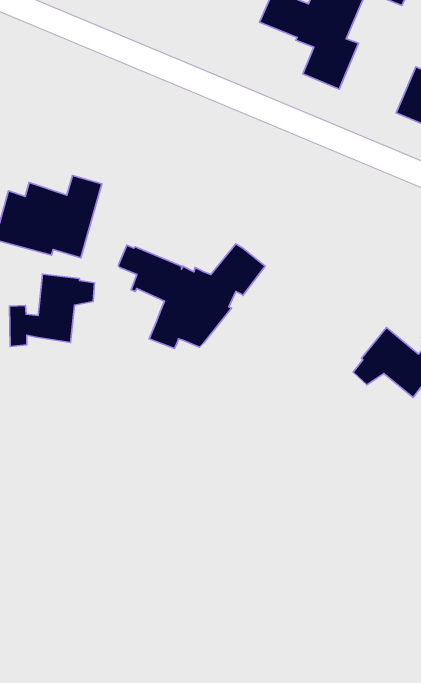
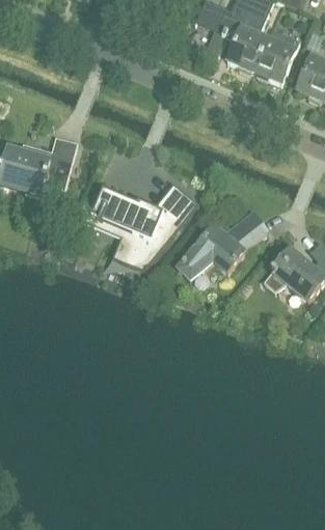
building: none -> [253,27,299,82]
building: [10,274,94,347] -> none
building: none -> [178,212,267,279]

